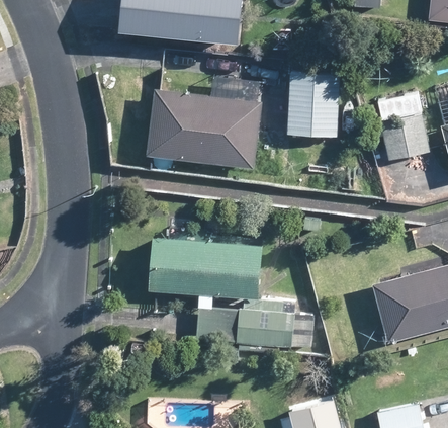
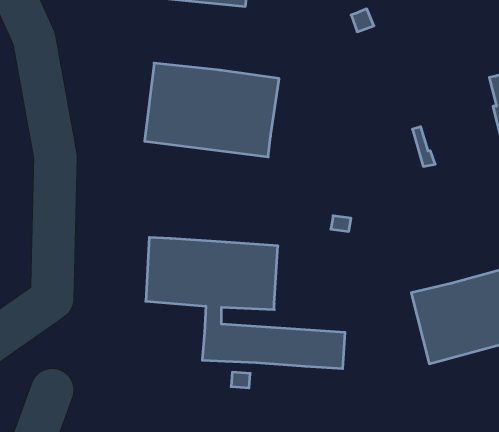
building: [286,73,338,138] -> none
building: [377,93,430,160] -> none

